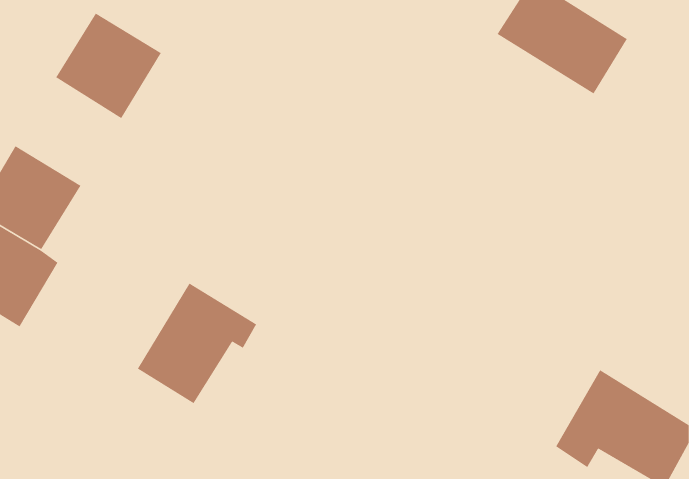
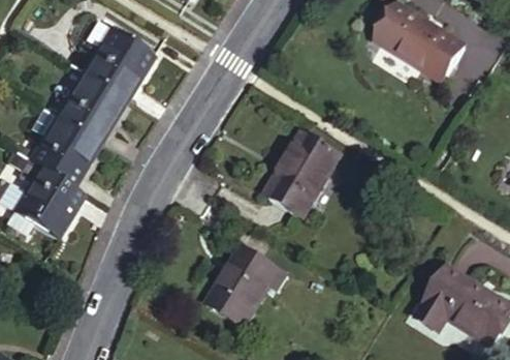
building: none -> [56,69,127,142]
building: none -> [263,130,333,213]
building: [137,282,257,404] -> [204,244,285,326]

